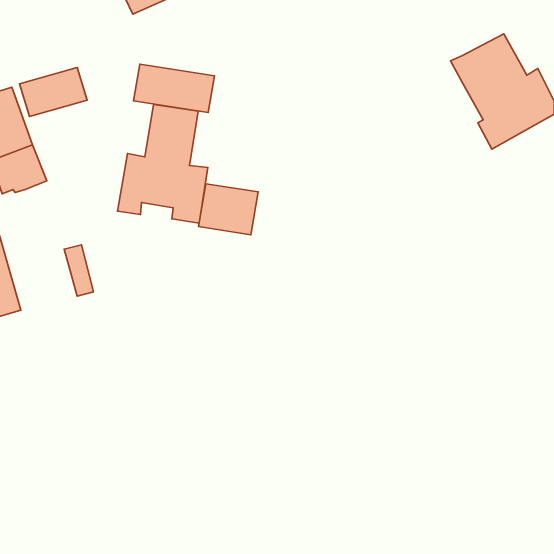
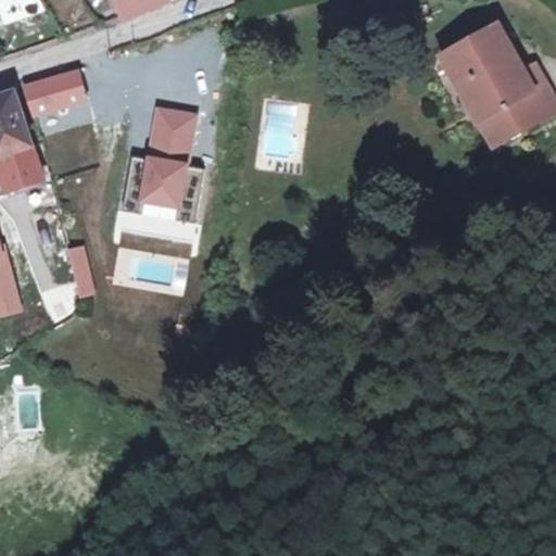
building: [133,64,215,113] -> none
building: [199,184,258,235] -> none

